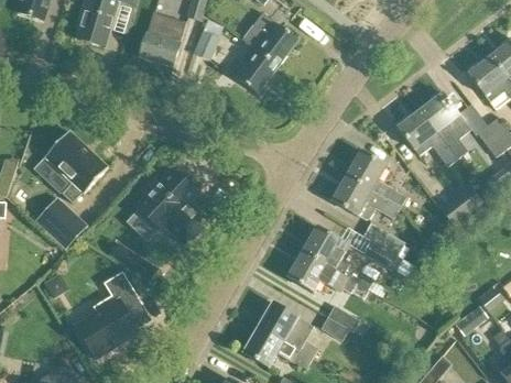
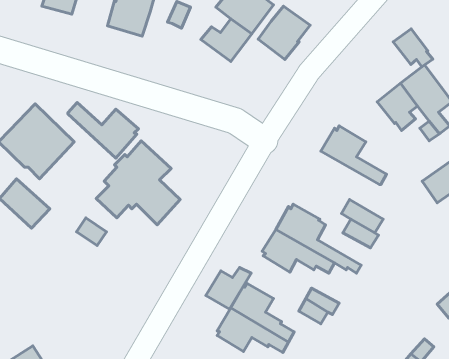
building: none -> [258,6,310,60]
building: none -> [393,29,433,67]
building: none -> [68,103,138,158]
building: [331,176,401,221] -> none
building: [76,270,141,358] -> none
building: none -> [206,267,251,309]

